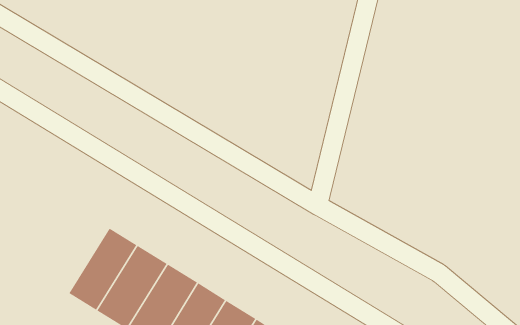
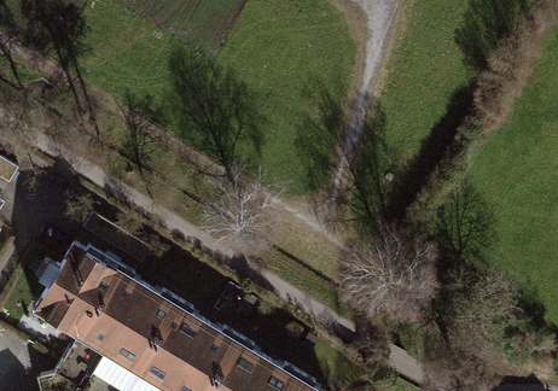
building: none -> [35,244,117,335]

